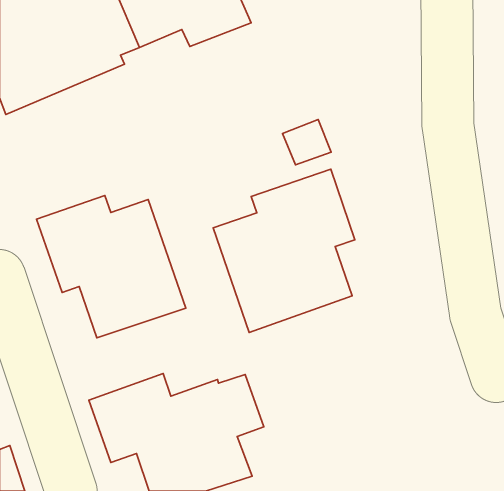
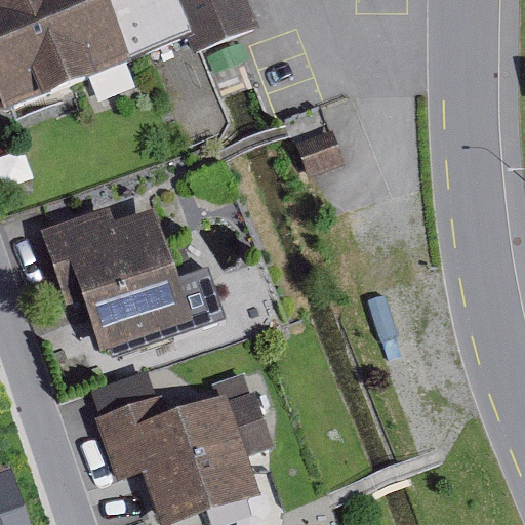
building: [213,169,355,333] -> none

